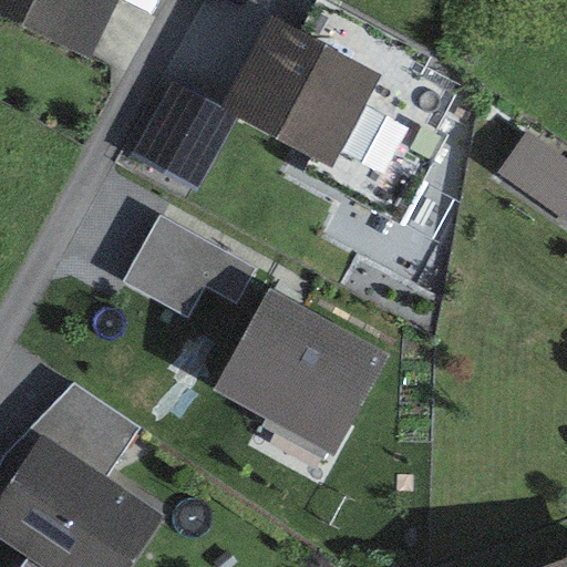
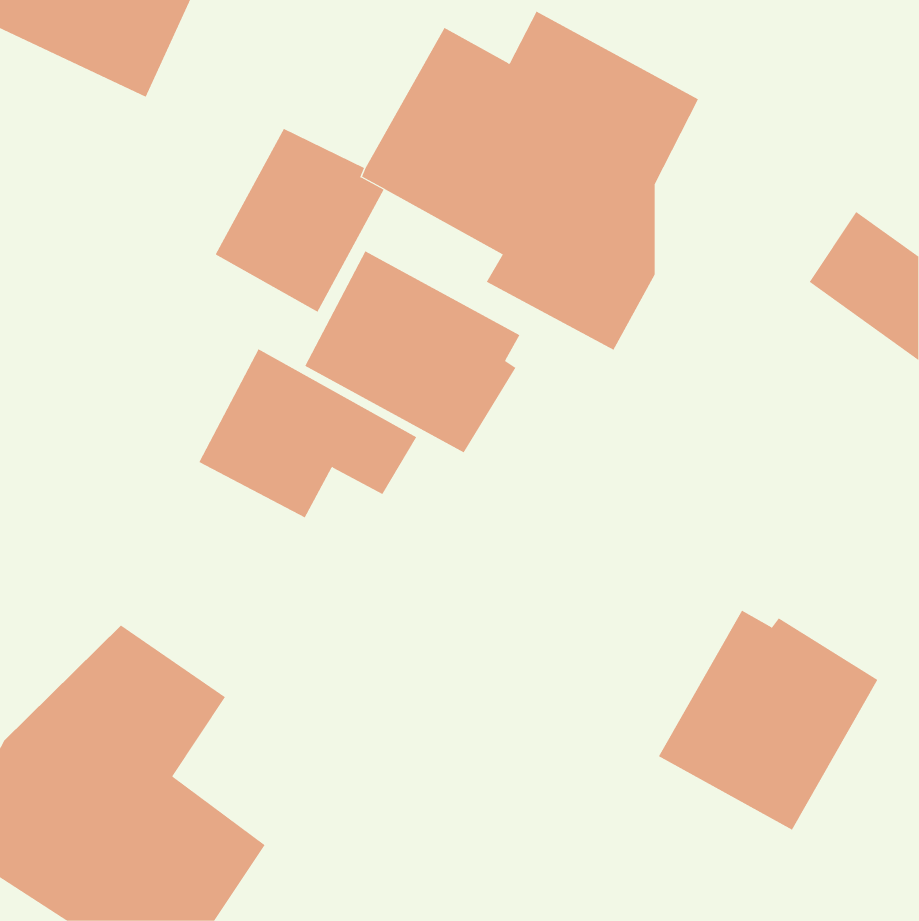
building: none -> [305,250,520,453]
building: [210,287,389,456] -> none
building: none -> [658,610,878,831]

